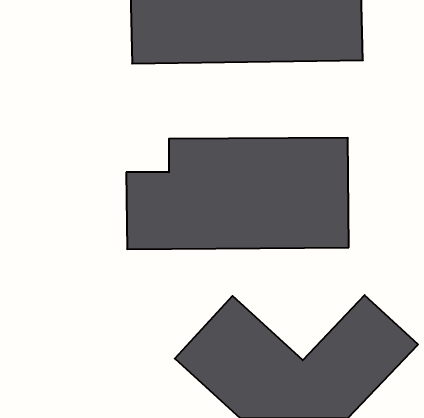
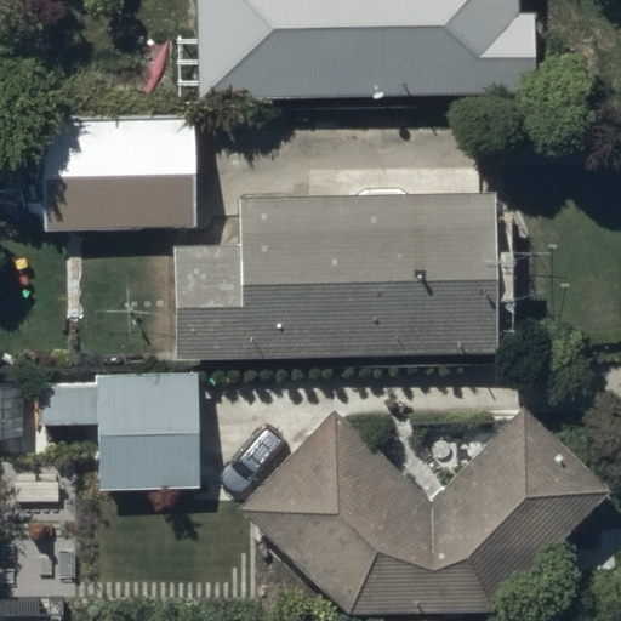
building: none -> [35,104,189,221]
building: none -> [34,365,196,479]

